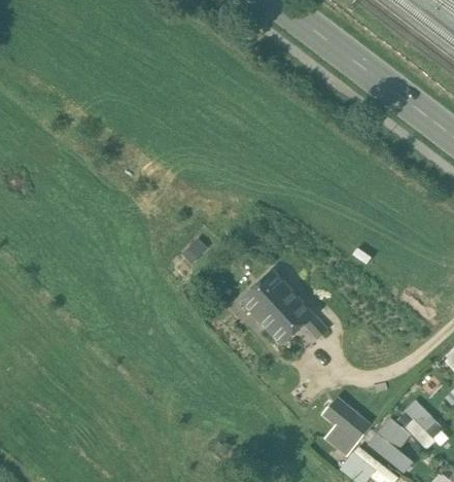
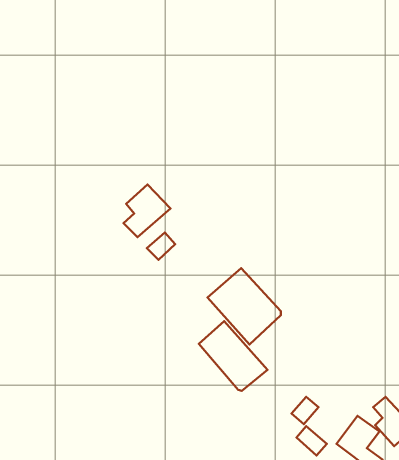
building: none -> [124,184,171,237]
building: none -> [199,321,267,391]
building: [335,409,371,445] -> none

